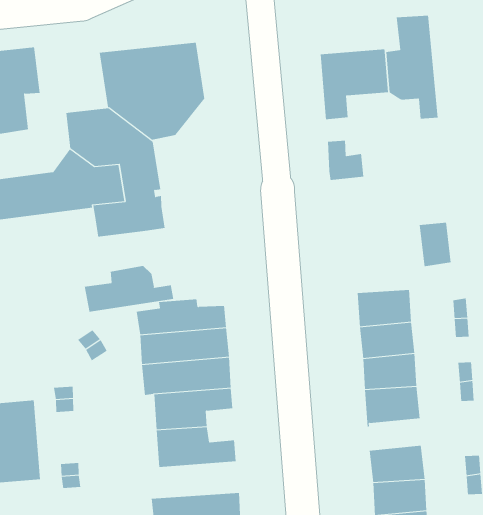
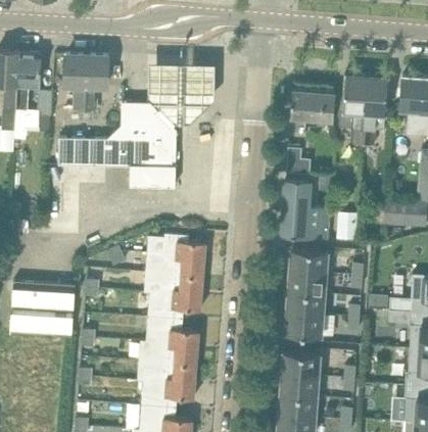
building: none -> [363,77,388,145]
building: none -> [281,180,329,240]
building: [84,265,174,313] -> none
building: none -> [138,342,197,367]

